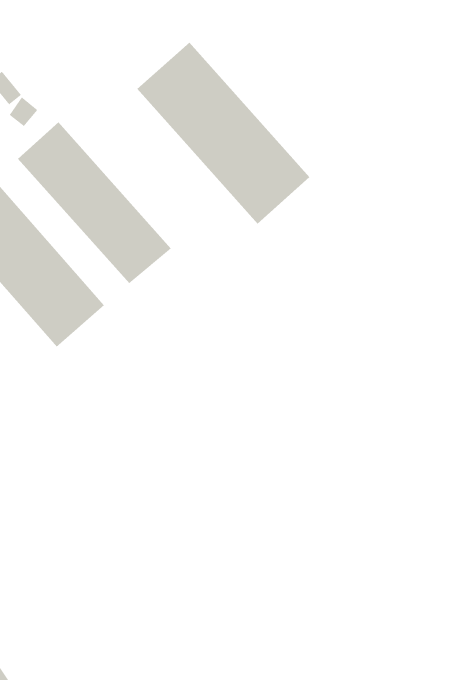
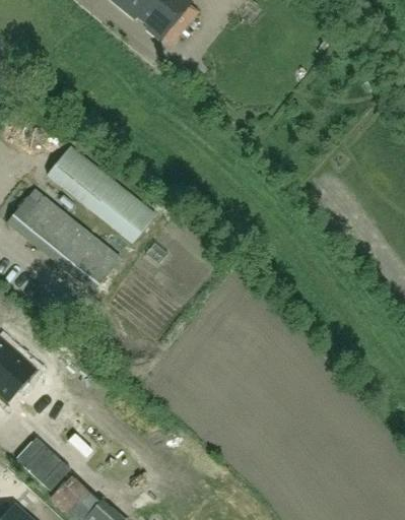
building: [137,42,310,224] -> none

